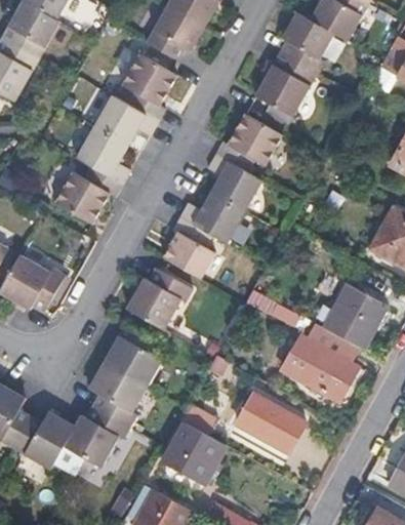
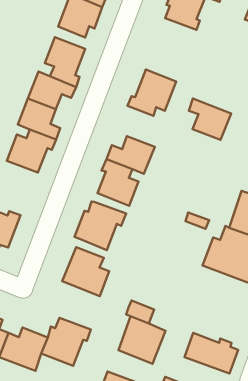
building: [255,53,317,118] -> none
building: [209,156,261,212] -> [189,99,231,140]
building: [88,363,147,429] -> none
building: [235,394,303,451] -> [184,333,238,373]

